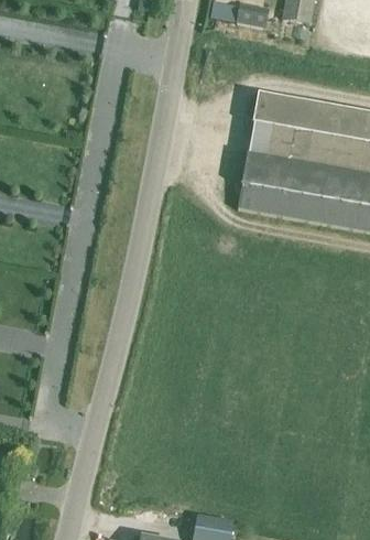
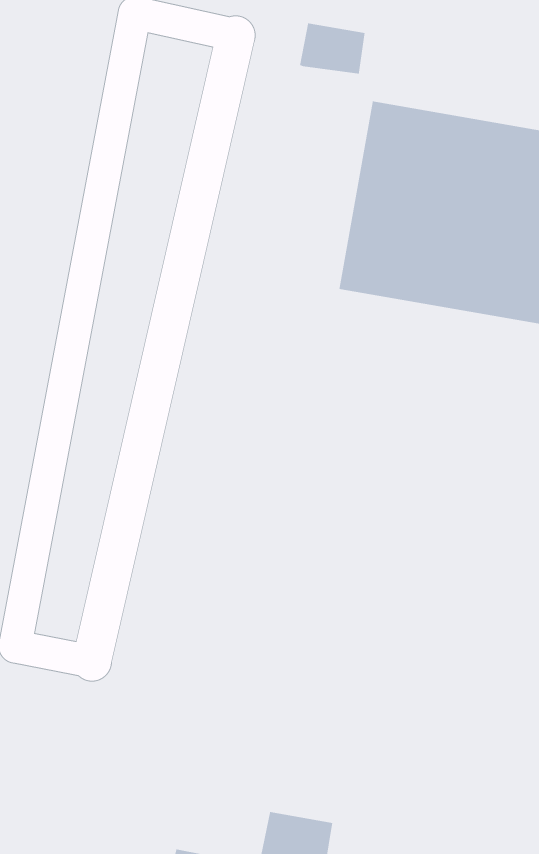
building: none -> [299,22,365,75]

